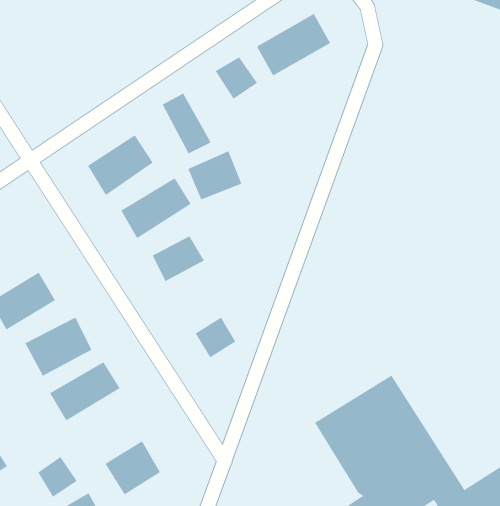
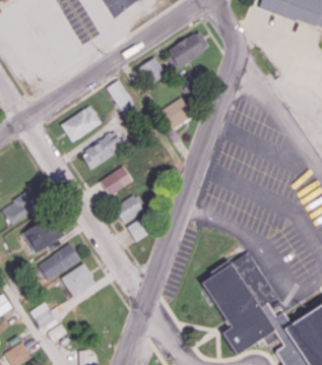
building: [187,151,242,200] -> [158,99,192,129]
building: none -> [114,194,144,224]
building: [104,441,161,495] -> [61,263,95,297]

